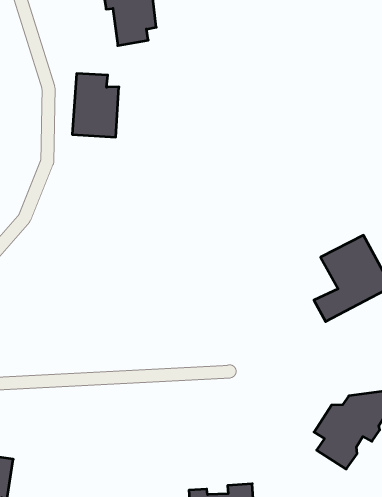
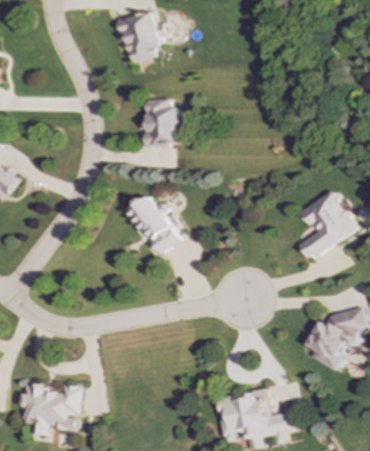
building: [72,74,119,137] -> [146,97,180,144]
building: none -> [129,194,180,253]

